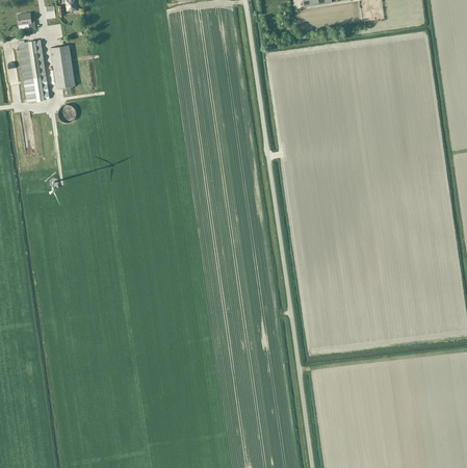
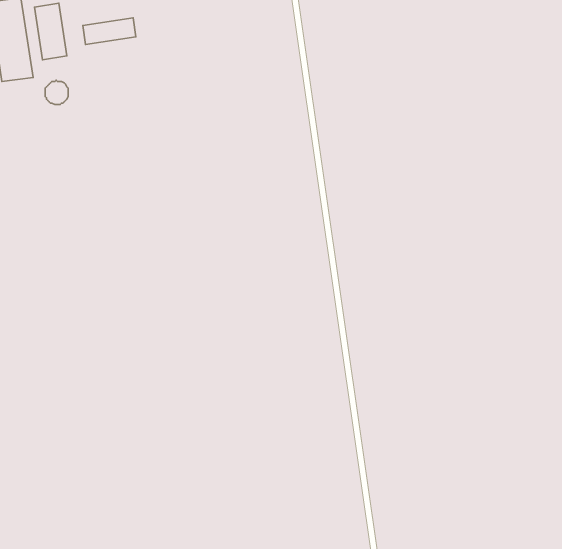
building: none -> [83,18,136,44]

